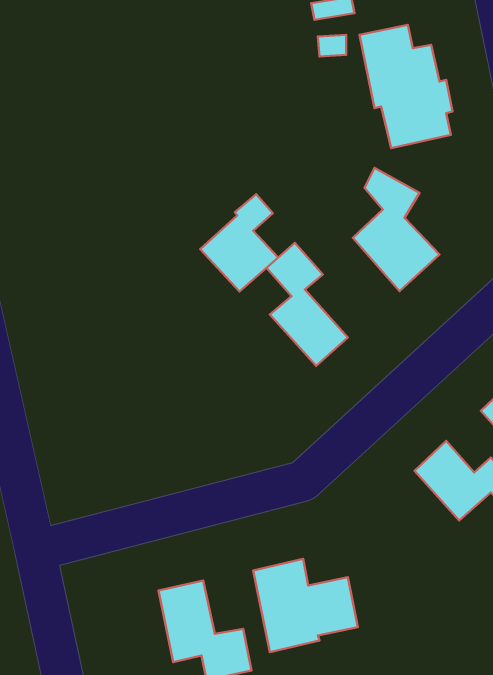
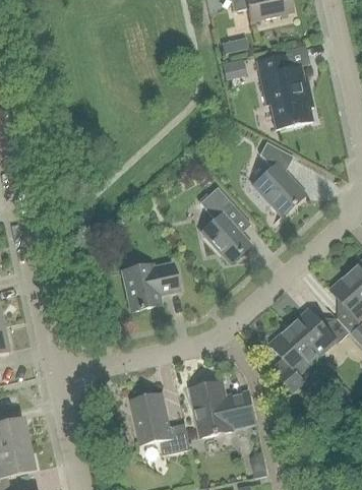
building: [200,194,278,291] -> none
building: none -> [122,261,178,310]
building: none -> [270,325,317,390]

